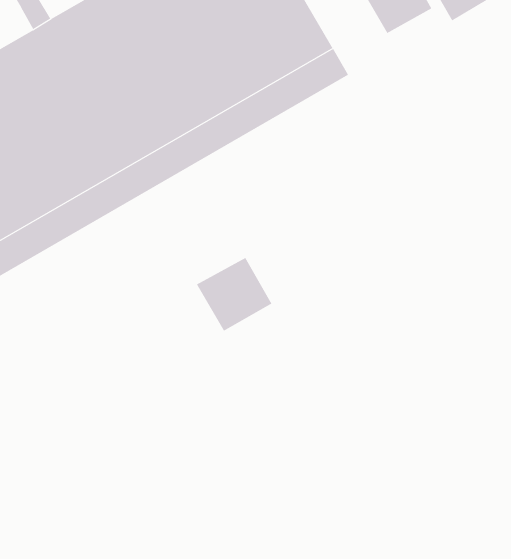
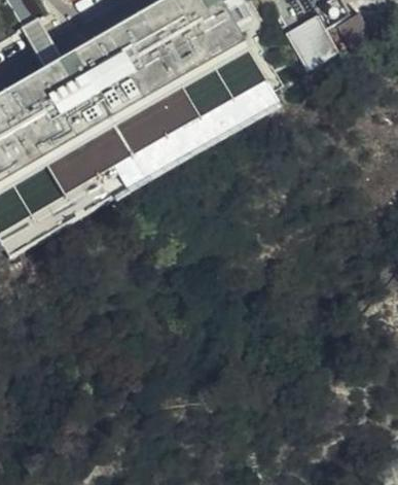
building: [196,257,272,332] -> none

